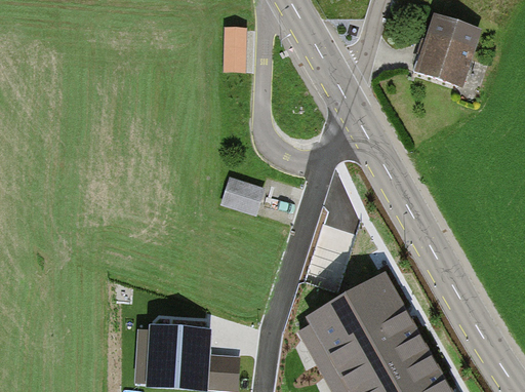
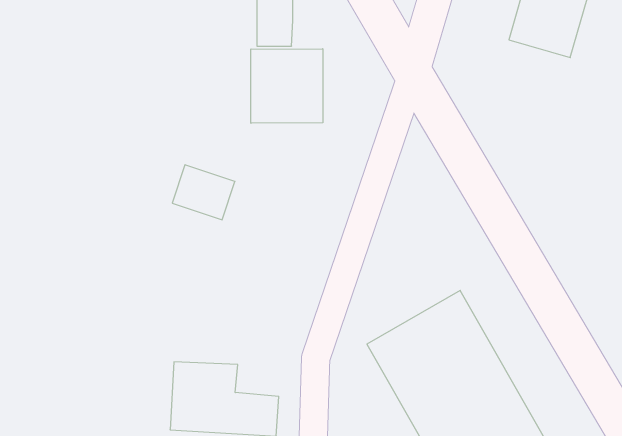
building: none -> [251,49,323,123]
building: [216,173,267,218] -> [172,165,235,220]

